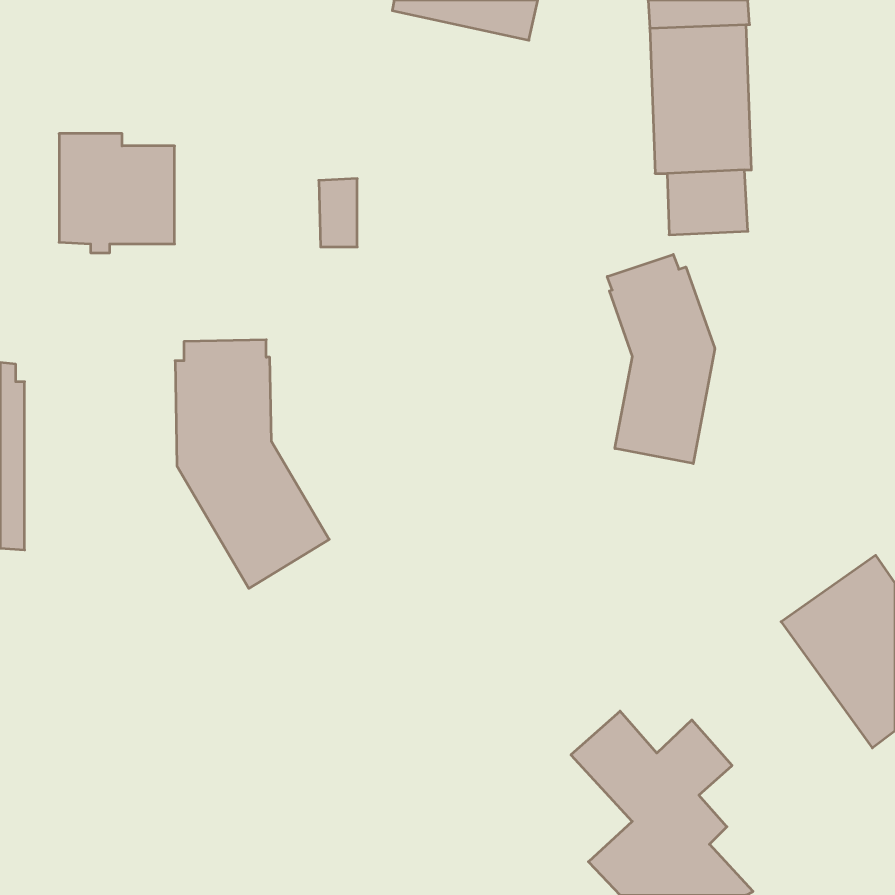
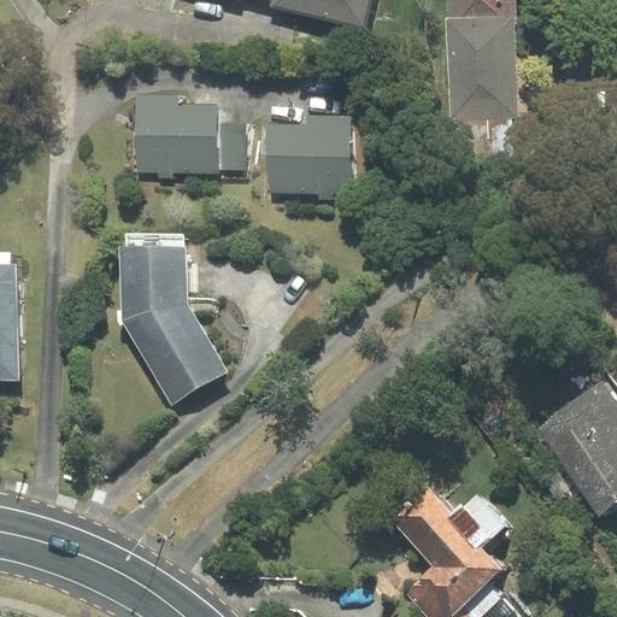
building: [59,134,175,253] -> [137,96,217,178]
building: none -> [270,116,352,200]
building: [607,254,715,464] -> none

